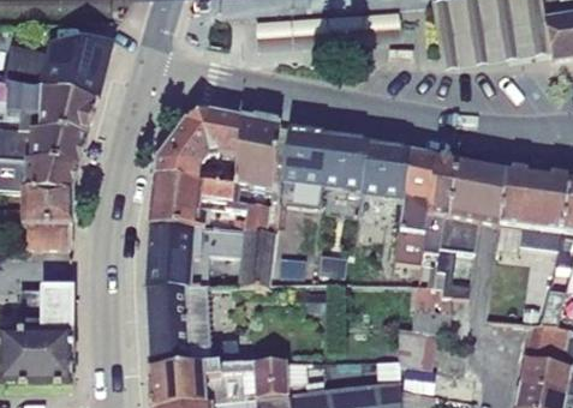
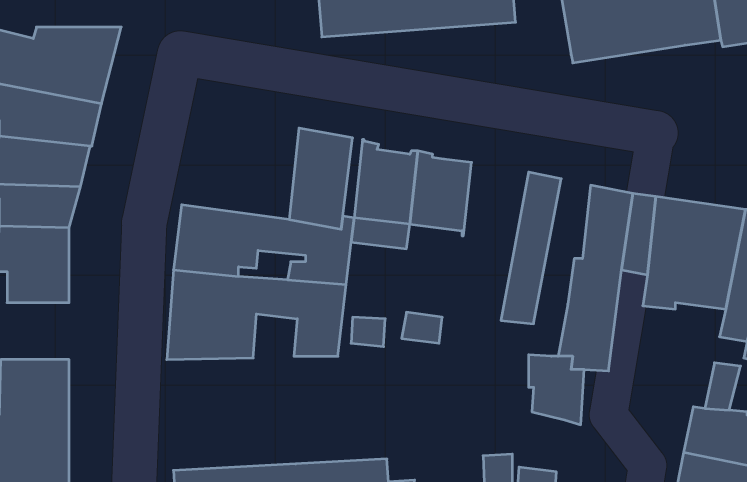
building: [155,109,241,184] -> none
building: [363,142,411,200] -> none
building: [414,154,456,284] -> none
building: [144,286,239,368] -> none
building: [399,325,437,366] -> none

